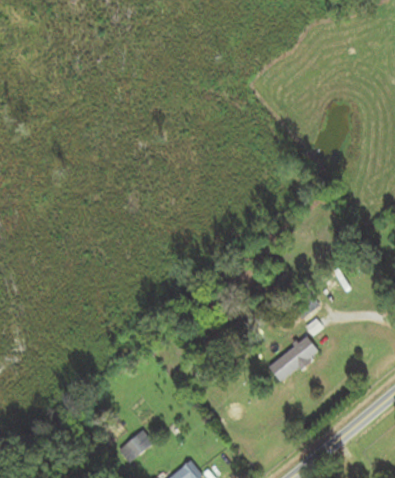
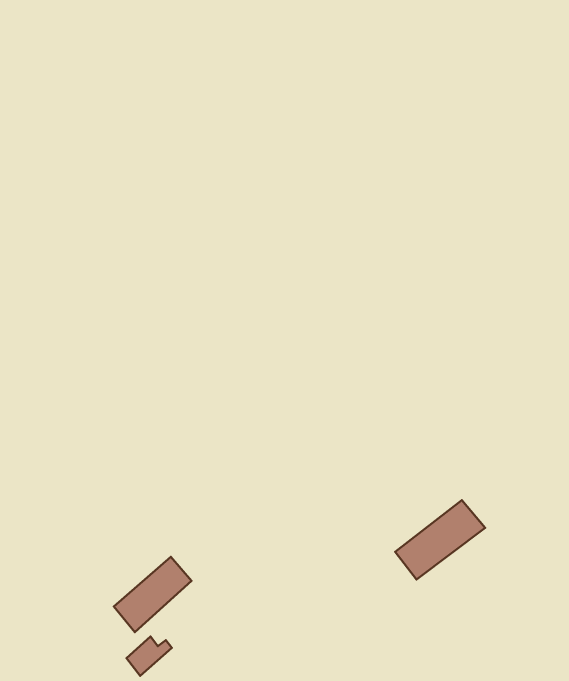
building: none -> [114,557,192,632]

